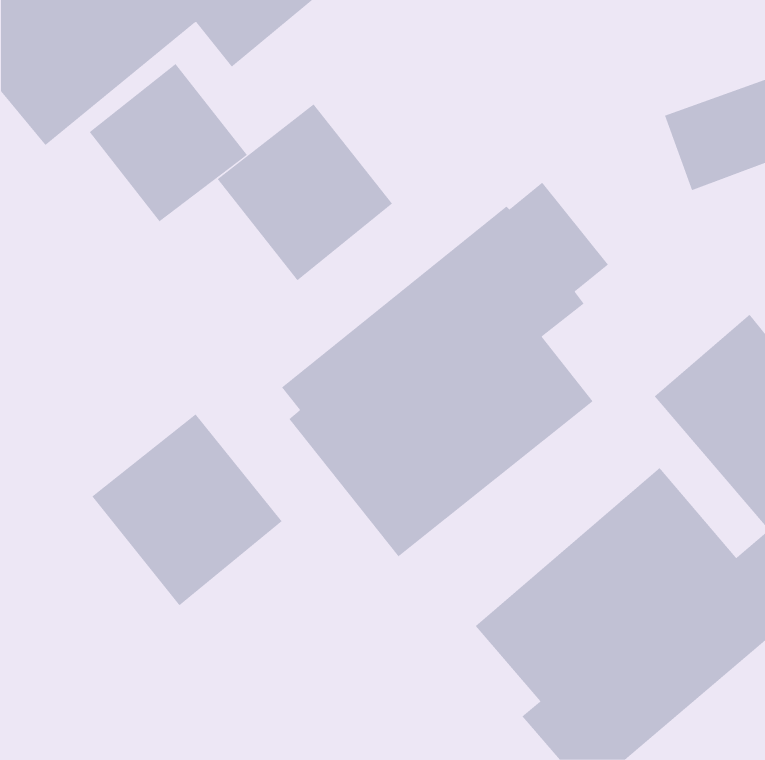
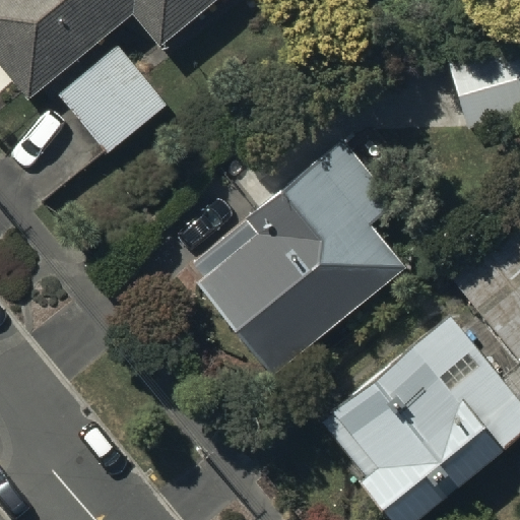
building: [217,103,393,281] -> none
building: [91,413,282,606] -> none

